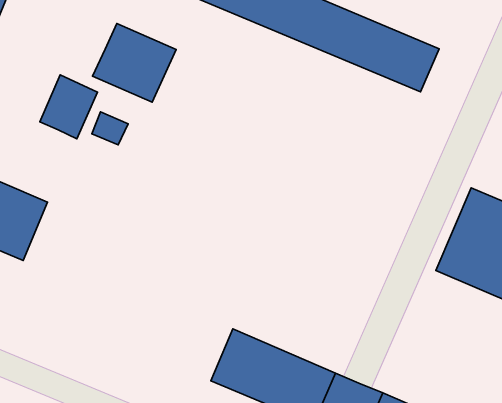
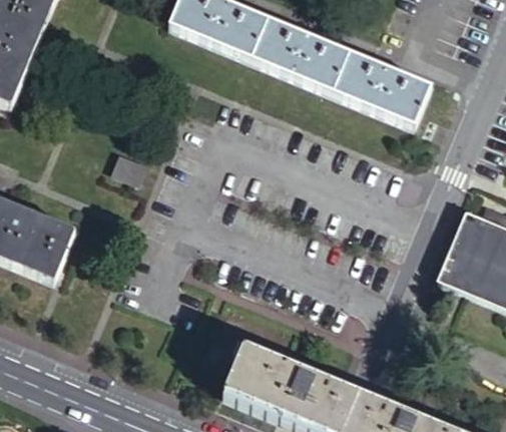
building: [93,23,176,102] -> none
building: [40,75,97,139] -> none

